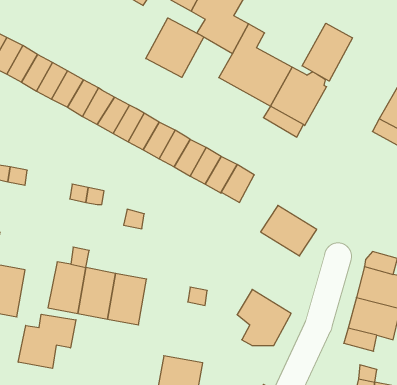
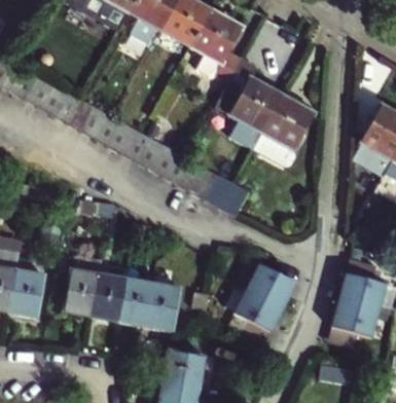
building: [146,18,204,77] -> none
building: [302,23,352,81] -> none
building: [261,205,317,256] -> [247,270,297,316]
building: none -> [145,285,179,331]
building: [18,314,76,368] -> none

